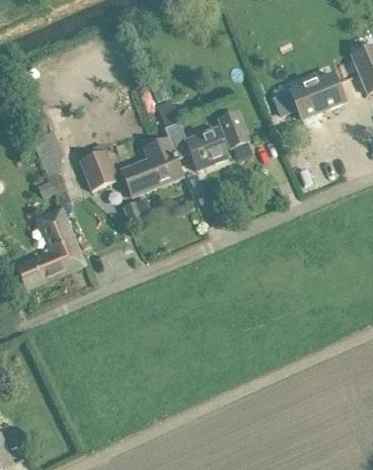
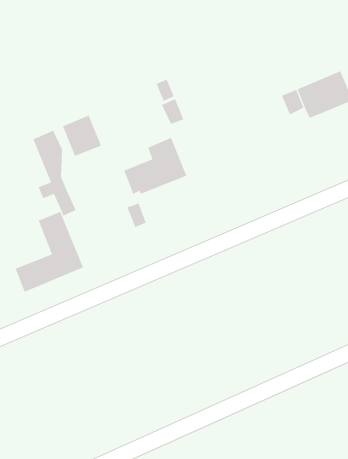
building: [165,110,248,169] -> none
building: [79,150,118,190] -> [62,115,102,156]

